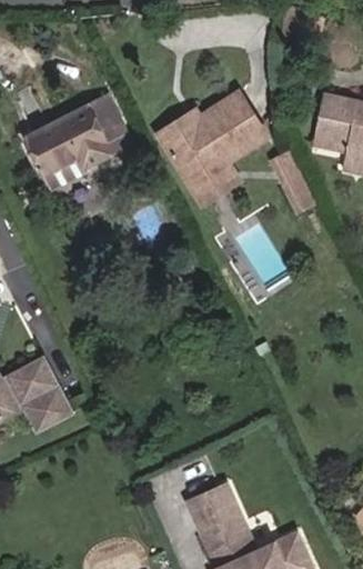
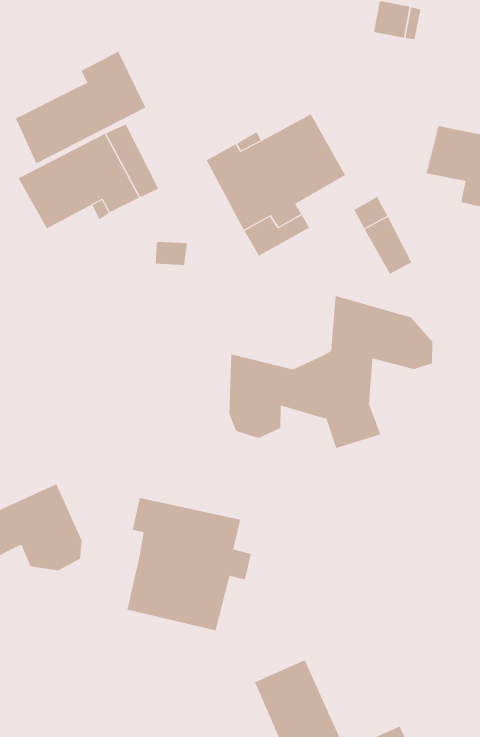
building: none -> [15,51,146,164]
building: none -> [229,295,433,449]
building: none -> [127,497,252,631]

